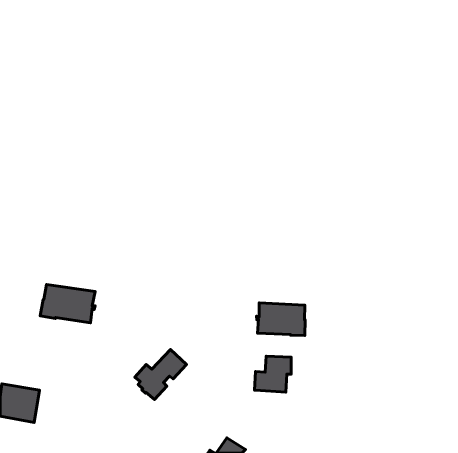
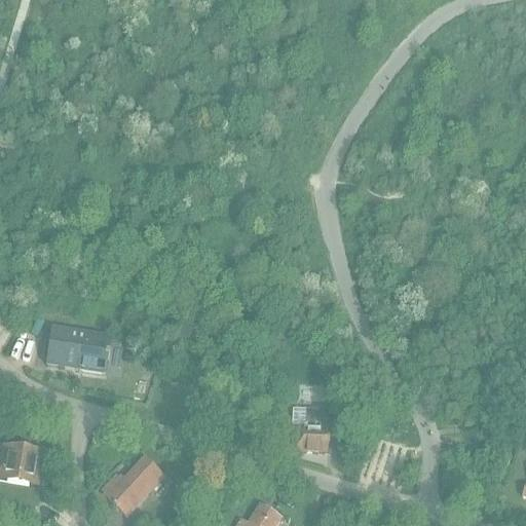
building: [257,303,305,336] -> none
building: [135,349,187,400] -> [104,455,163,513]

